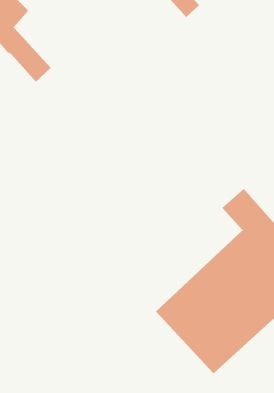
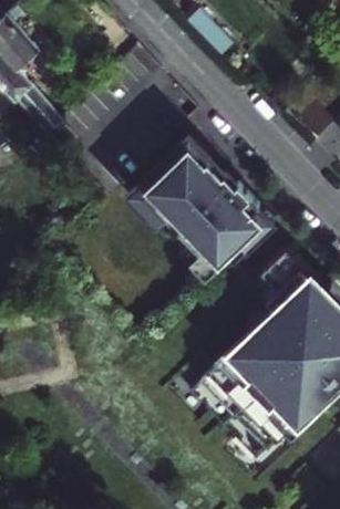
building: none -> [133,137,275,278]

